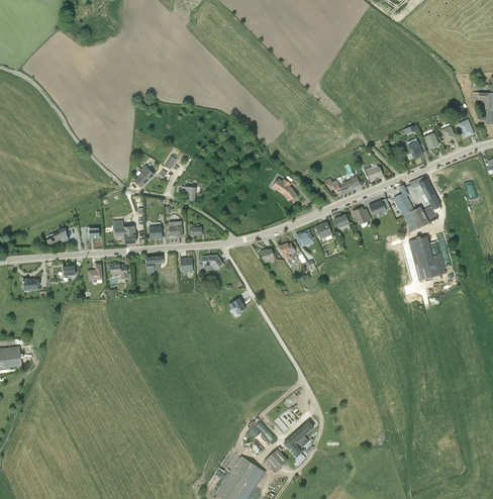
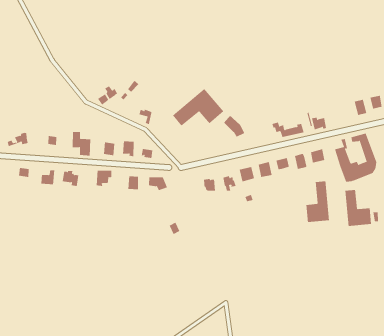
building: none -> [172,88,224,127]
building: none -> [306,180,330,223]

